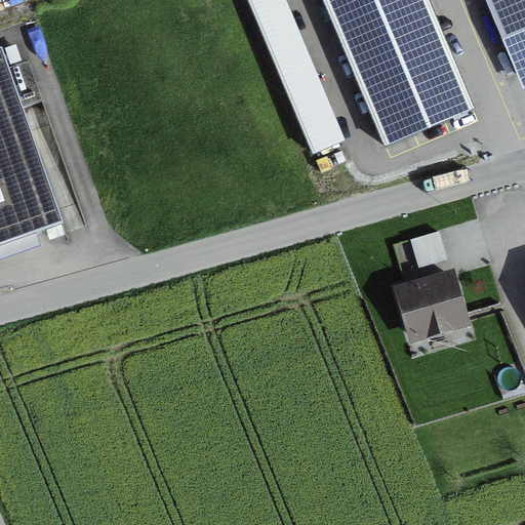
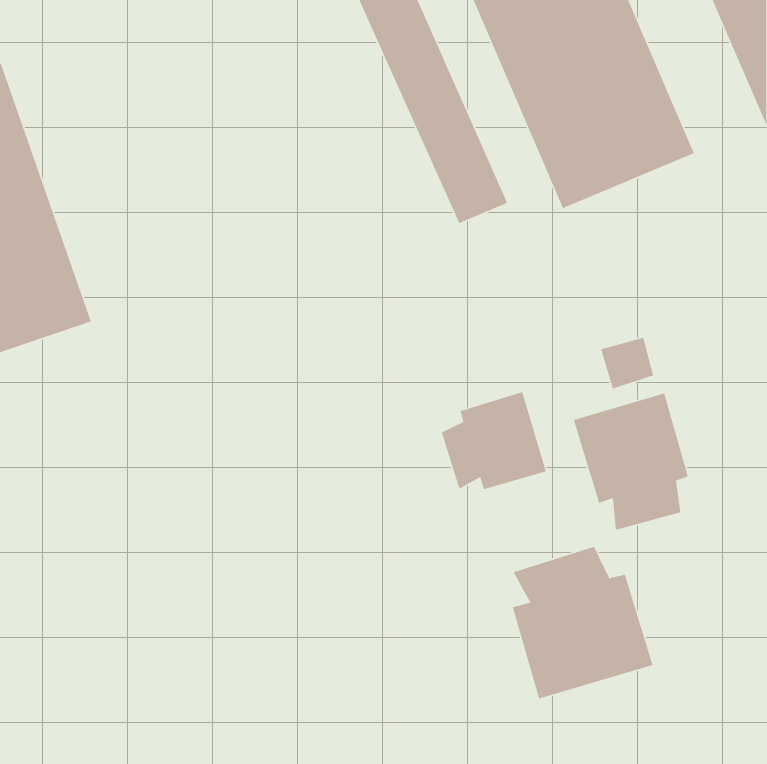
building: none -> [441,391,547,490]
building: none -> [512,546,654,700]

